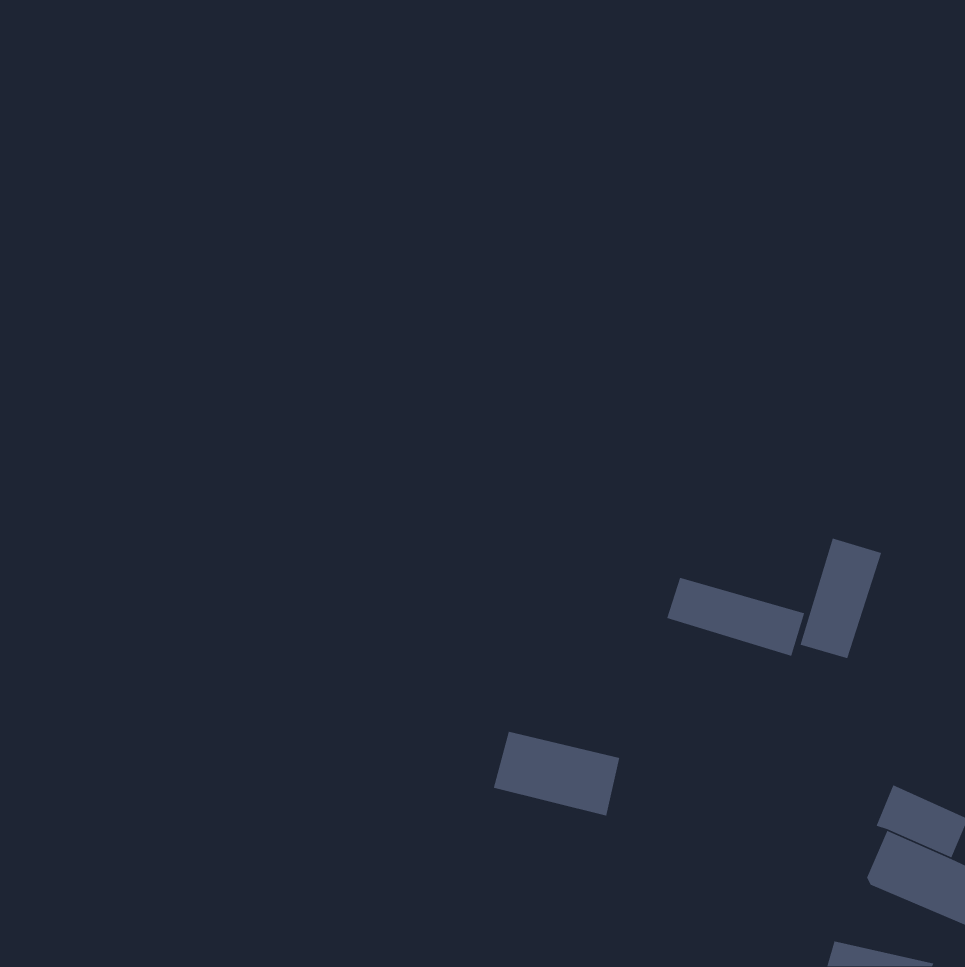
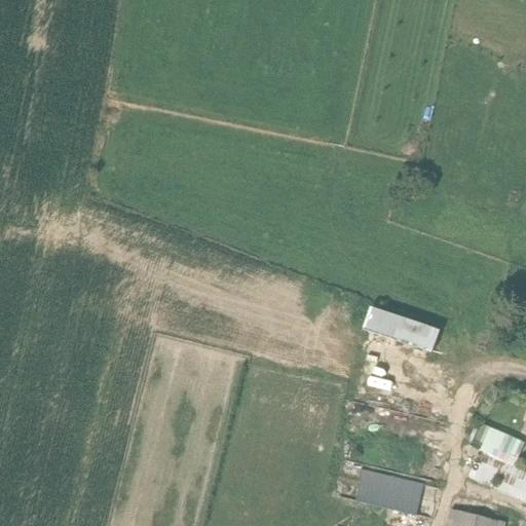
building: [800,537,882,659] -> none
building: [493,731,620,817] -> [358,468,426,515]

